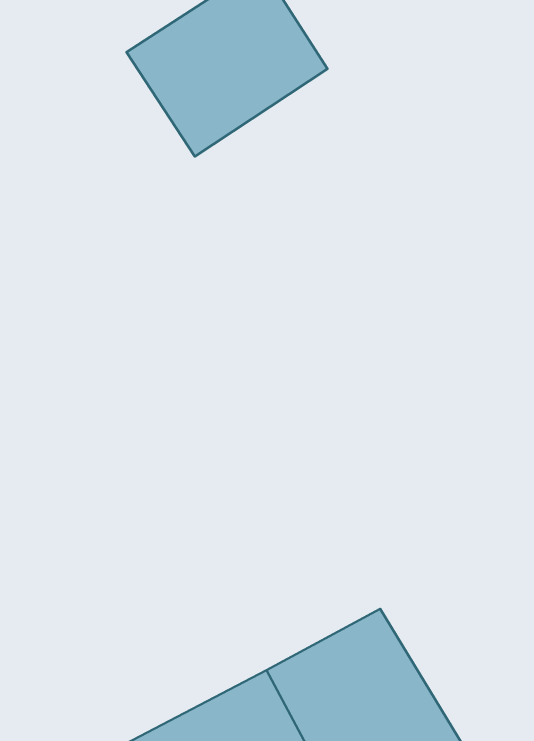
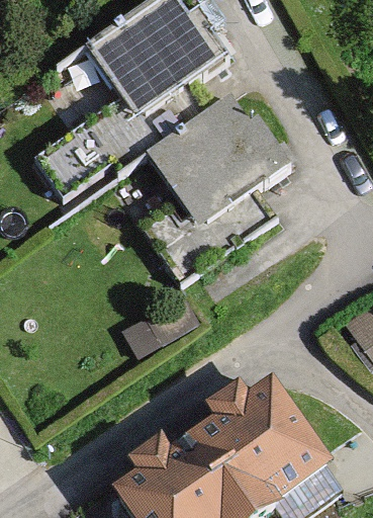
building: none -> [152,88,297,228]

